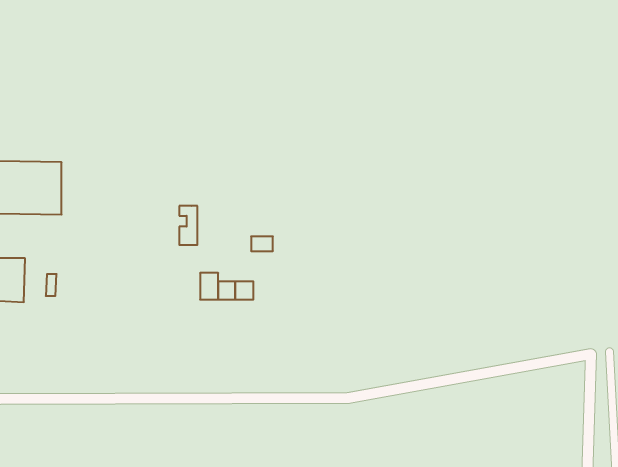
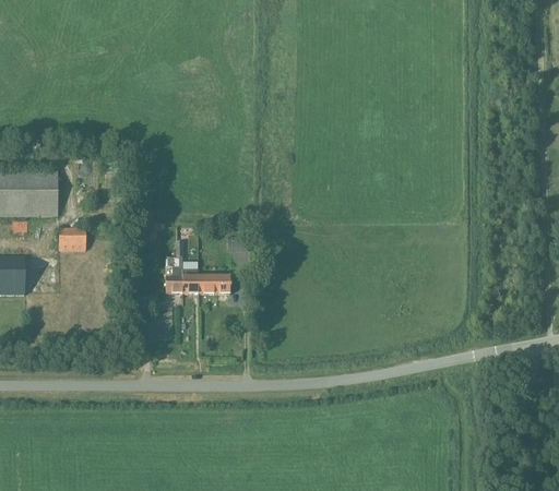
building: [179,206,197,245] -> [165,258,181,292]
building: none -> [58,227,85,250]

